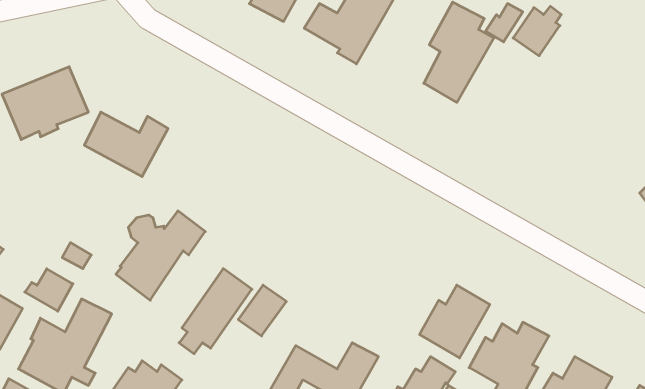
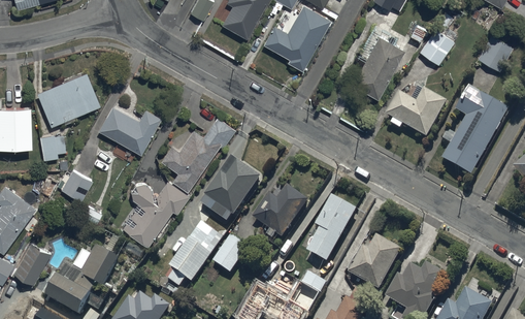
building: none -> [477,34,512,69]
building: none -> [386,87,448,138]
building: none -> [441,87,510,177]
building: none -> [161,116,235,191]
building: none -> [39,132,66,159]
building: none -> [204,157,260,215]
building: none -> [253,186,308,237]
building: none -> [307,196,357,263]
building: [25,269,73,311] -> [56,168,92,200]

